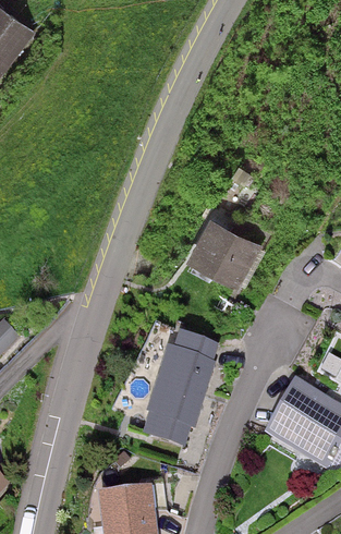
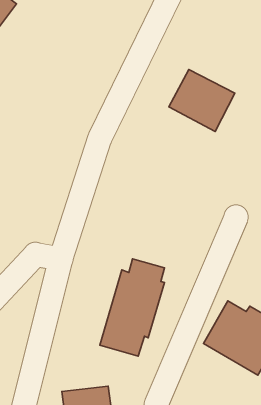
building: [183,211,263,286] -> [169,70,235,131]

